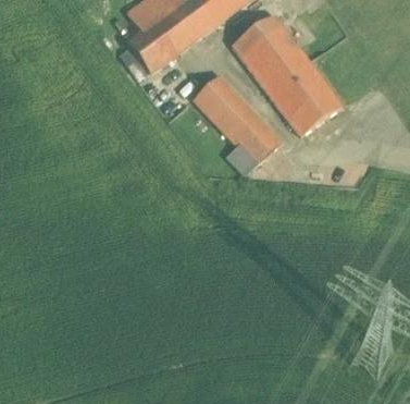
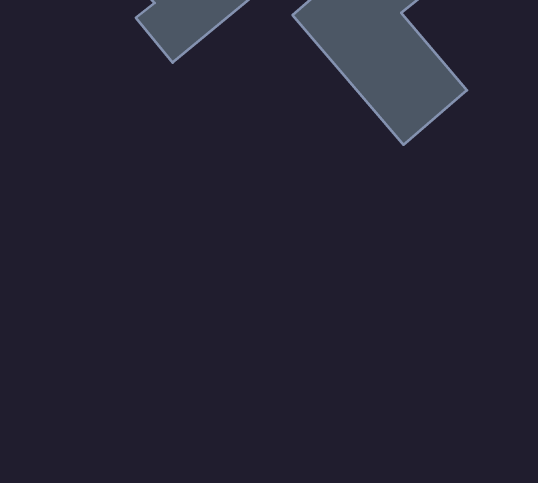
building: [192,75,282,167] -> none

